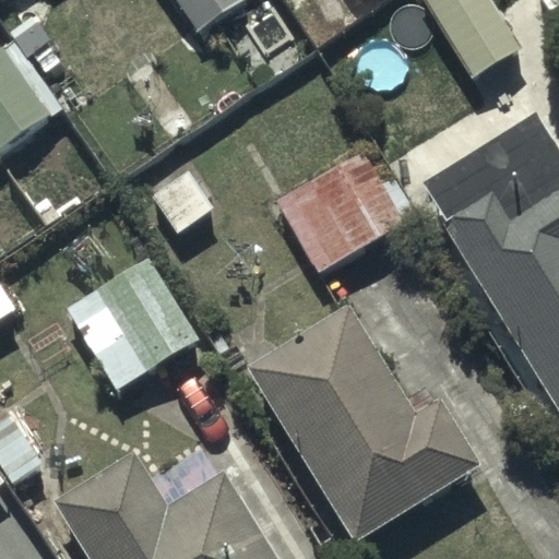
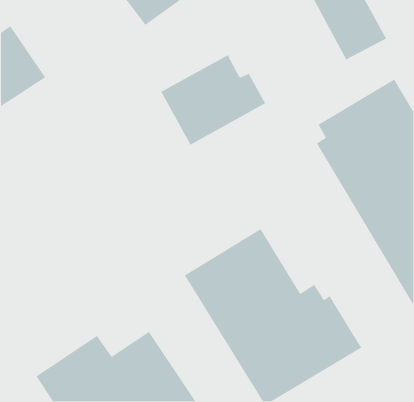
building: [276,148,419,272] -> [160,54,266,146]
building: [62,253,204,395] -> none

